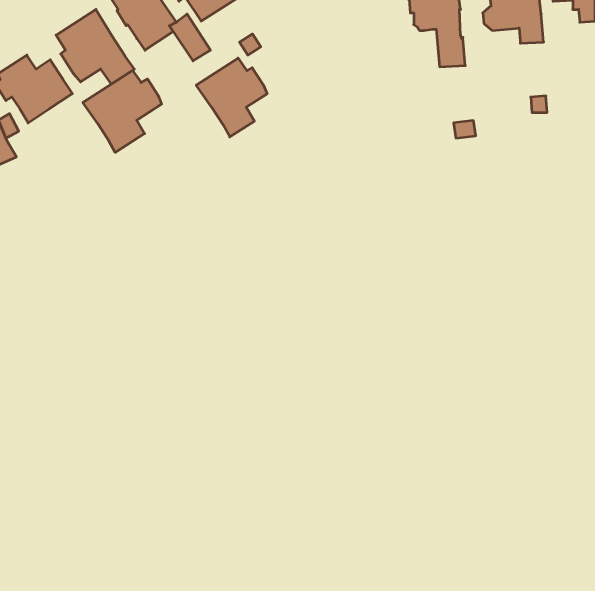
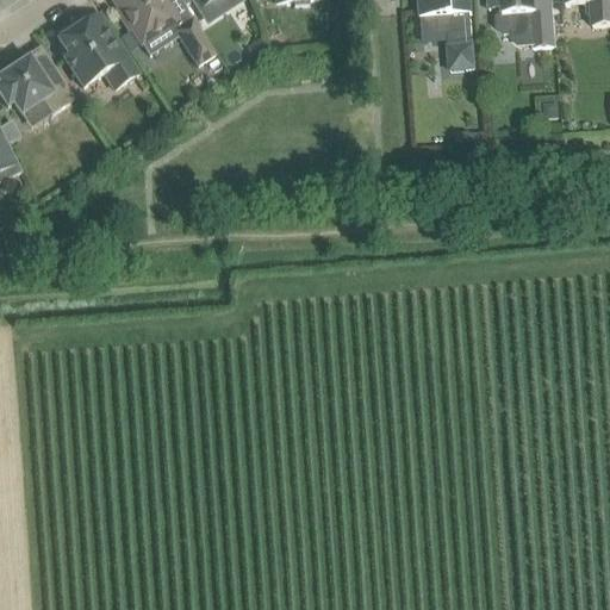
building: [196,58,267,137] -> none
building: [83,70,162,152] -> none

